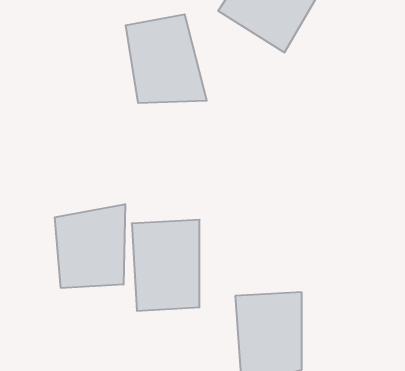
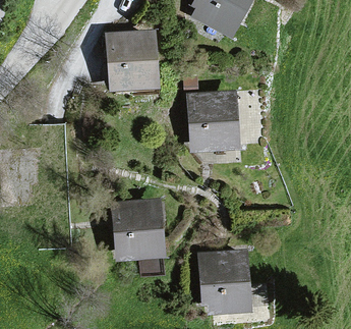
building: none -> [177,84,246,158]
building: [55,204,125,288] -> none

